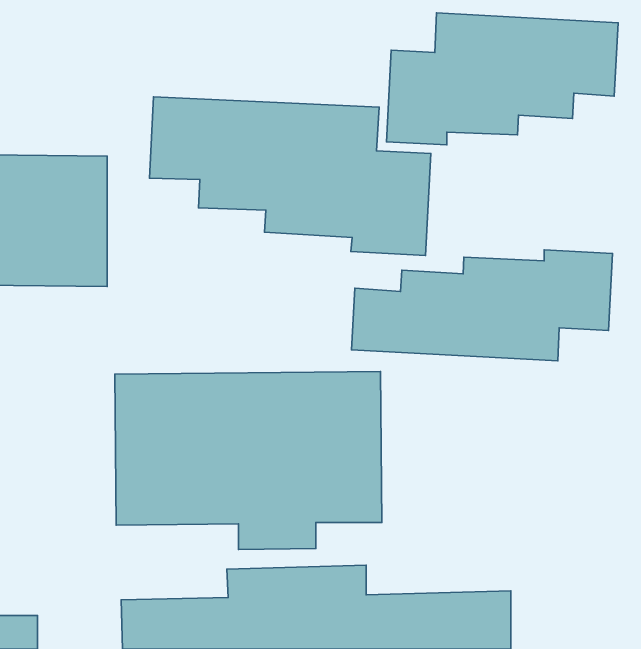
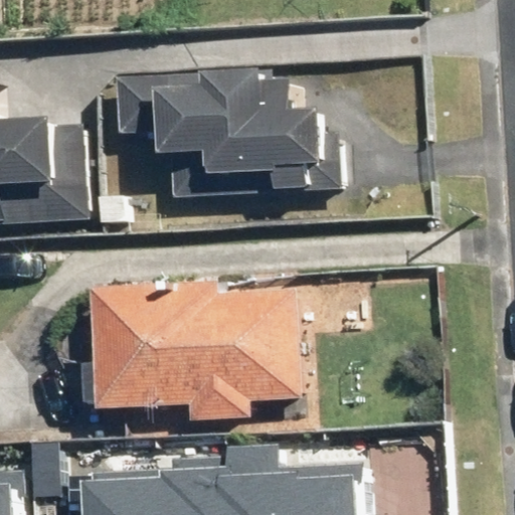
building: [387,13,618,145] -> none
building: [351,250,612,361] -> none

